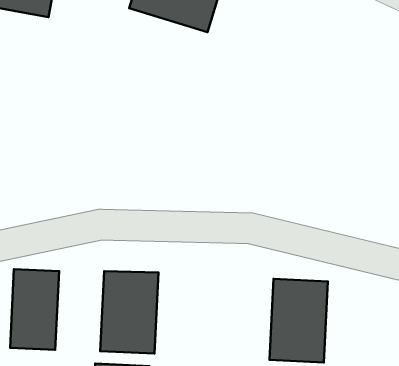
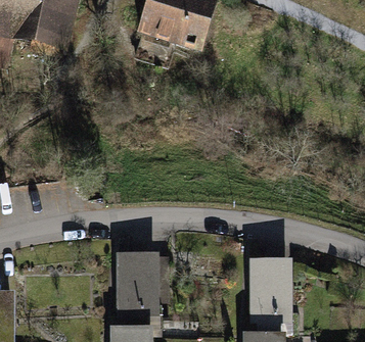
building: [10,269,59,350] -> none

